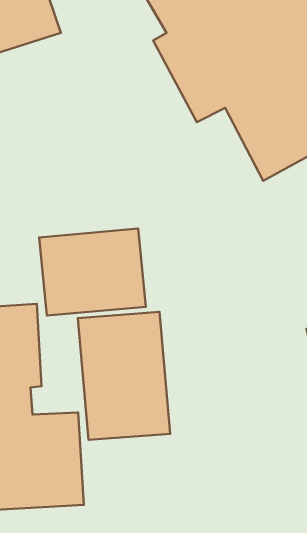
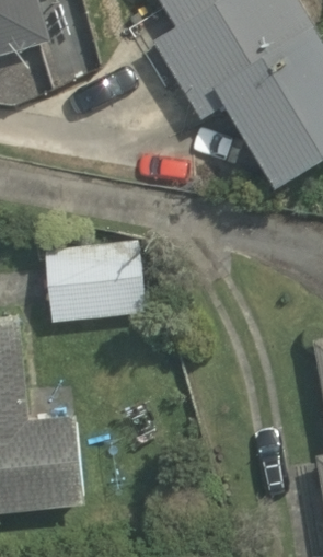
building: [78,312,170,440] -> none

